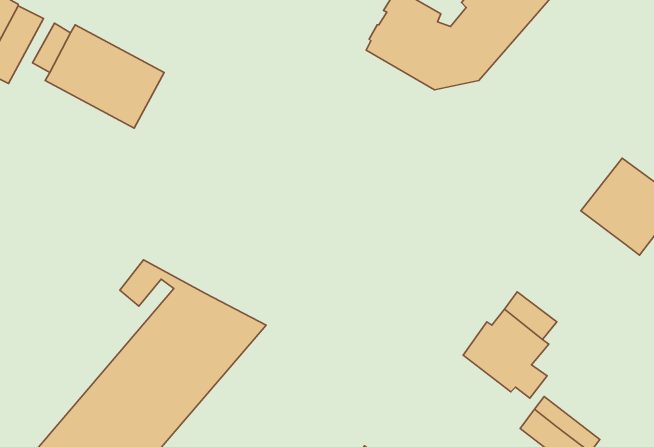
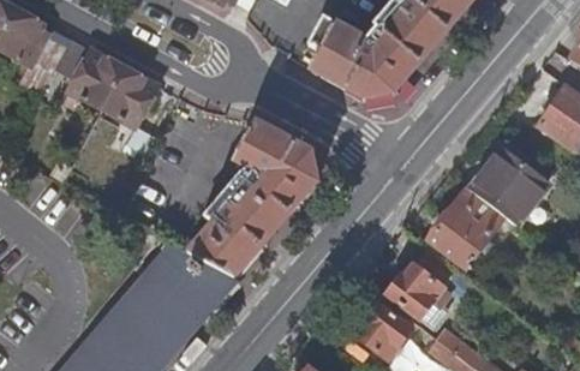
building: none -> [189,120,319,275]
building: none -> [429,186,506,268]
building: none -> [358,304,412,359]

